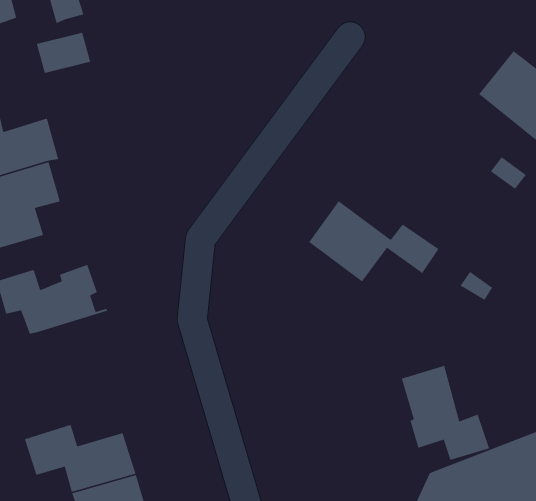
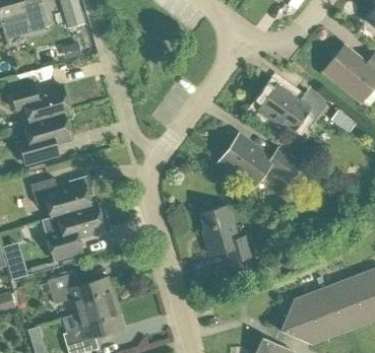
building: none -> [257,83,326,133]
building: none -> [42,202,112,261]
building: [401,365,490,461] -> [201,204,255,262]

